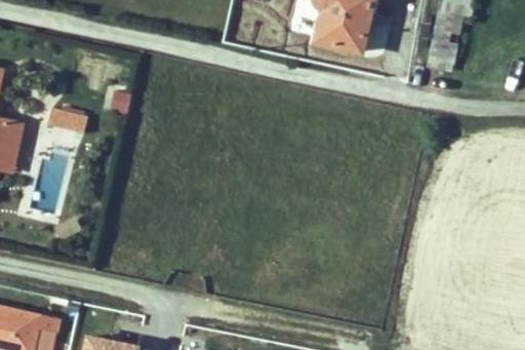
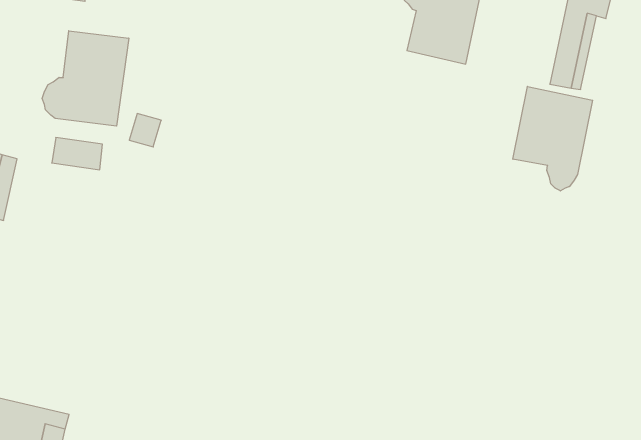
building: none -> [42,31,129,126]
building: none -> [513,86,593,191]

